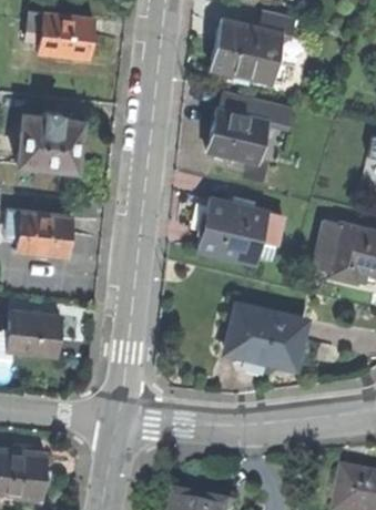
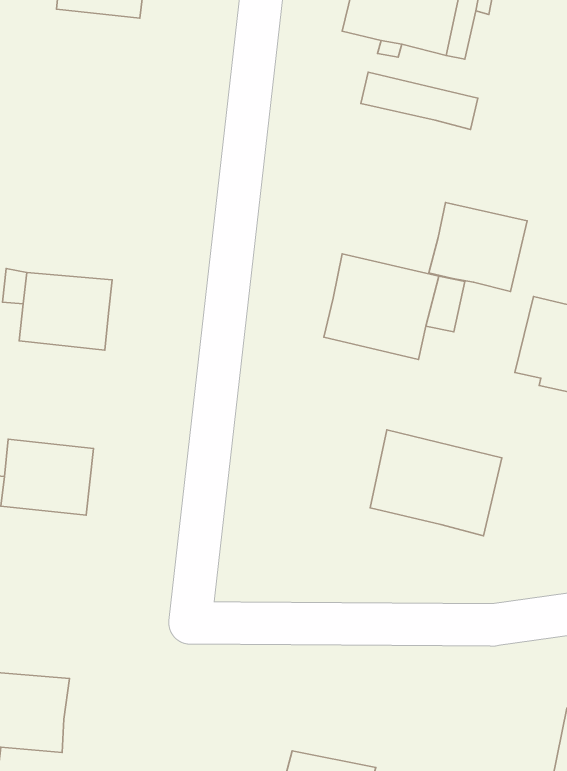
building: [206,108,265,161] -> [429,202,527,291]
building: [19,112,88,170] -> none

